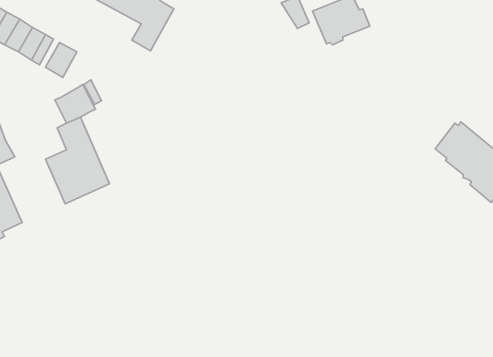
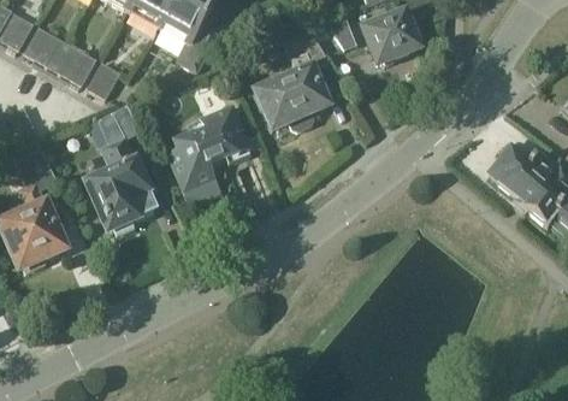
building: none -> [254,30,325,131]
building: none -> [170,111,249,193]

